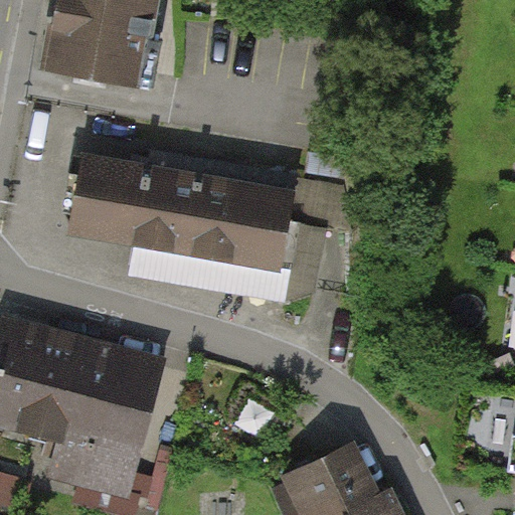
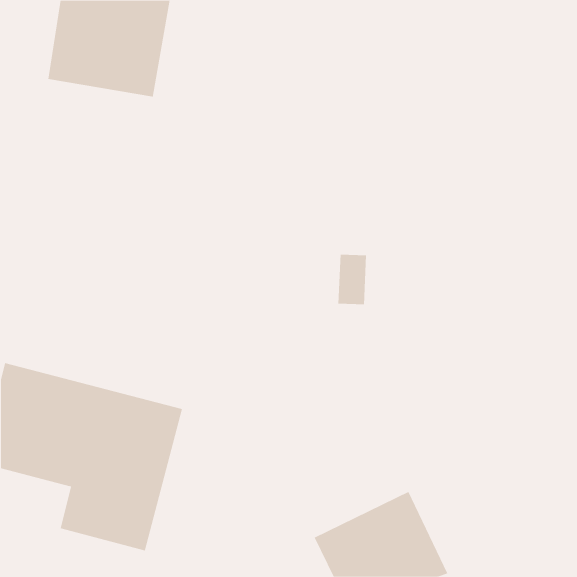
building: [68,154,297,277] -> none

